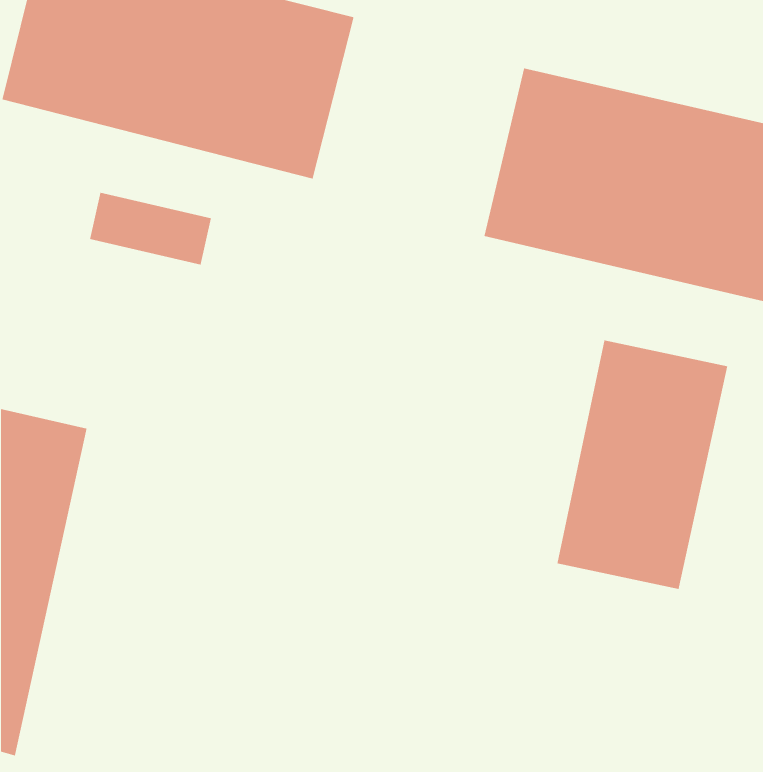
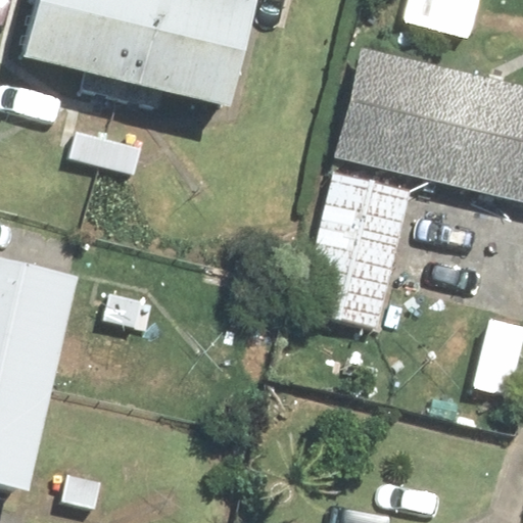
building: [556,340,728,590] -> [299,168,414,334]

